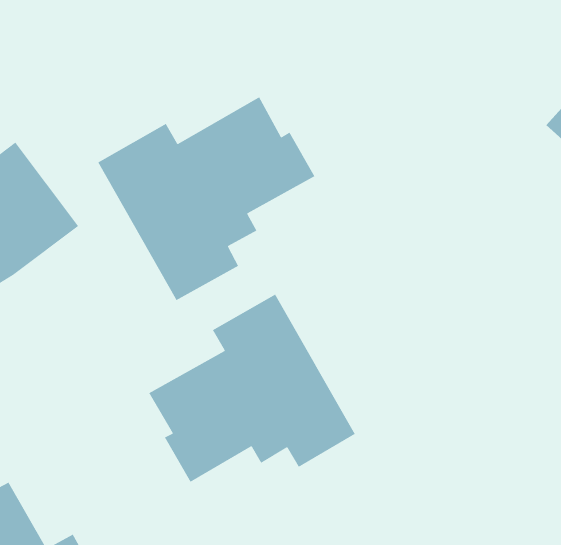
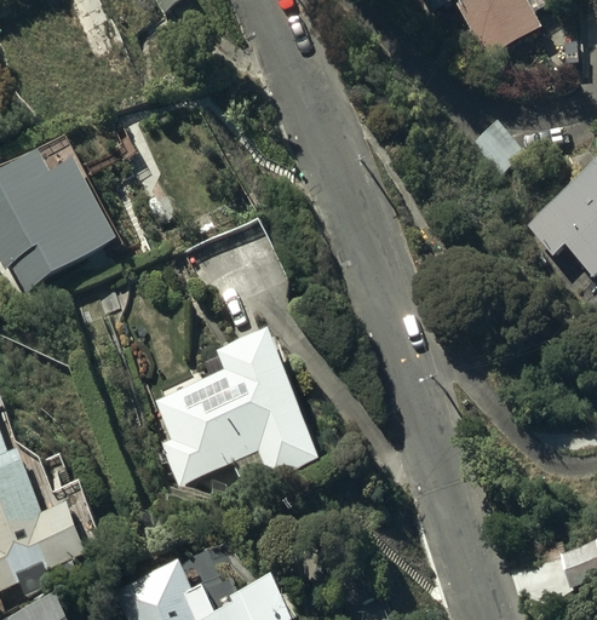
building: [97,96,315,301] -> none

